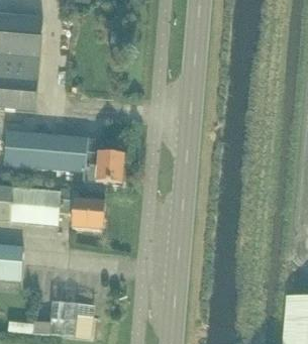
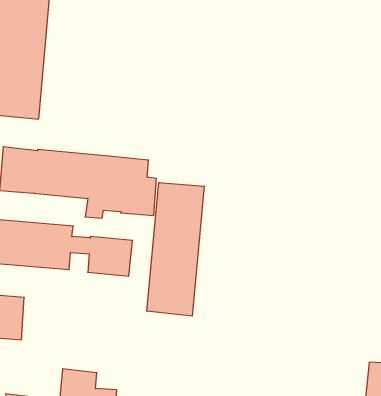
building: none -> [147,182,204,316]

